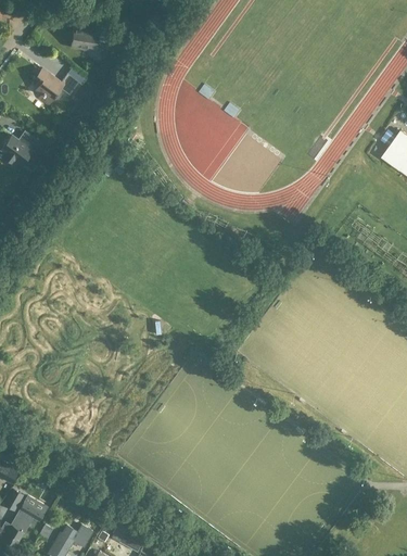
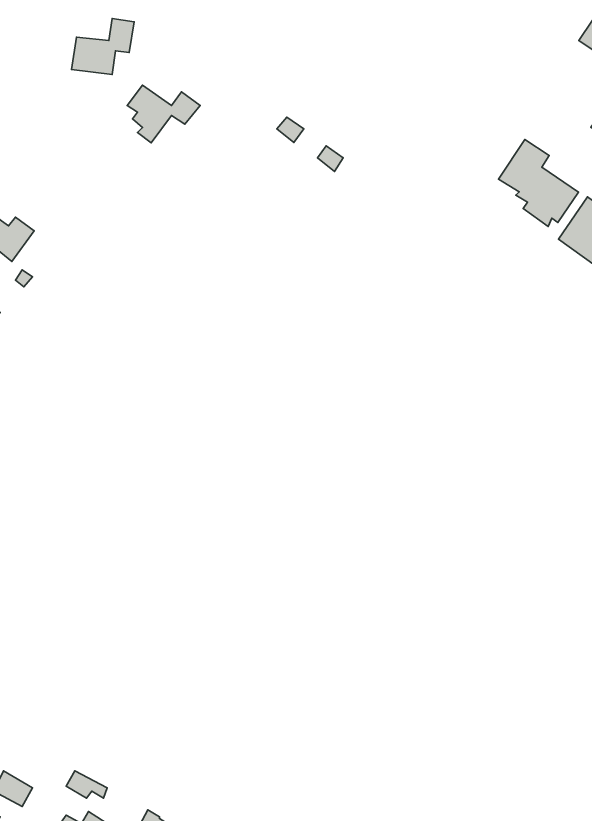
building: [31,68,78,105] -> [127,85,200,143]
building: none -> [499,140,579,226]

